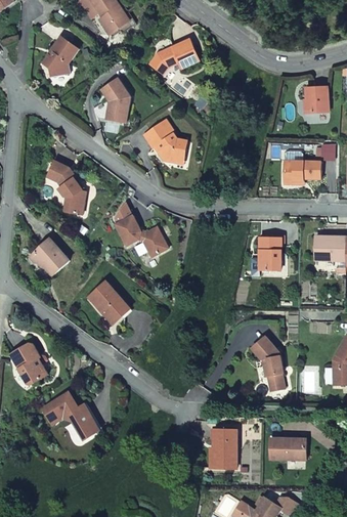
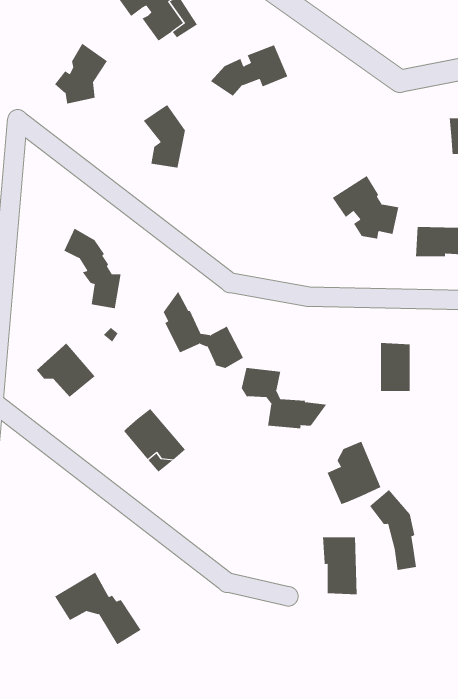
building: [143,119,188,162] -> [332,175,399,239]
building: none -> [241,367,327,429]
building: none -> [327,441,381,505]
building: [10,343,47,383] -> none
building: [212,430,235,469] -> [322,537,357,595]
building: [269,439,304,460] -> none

